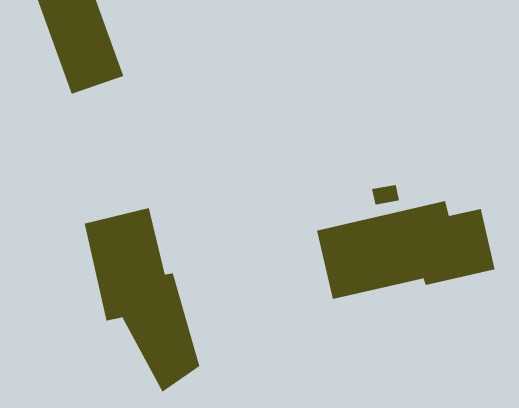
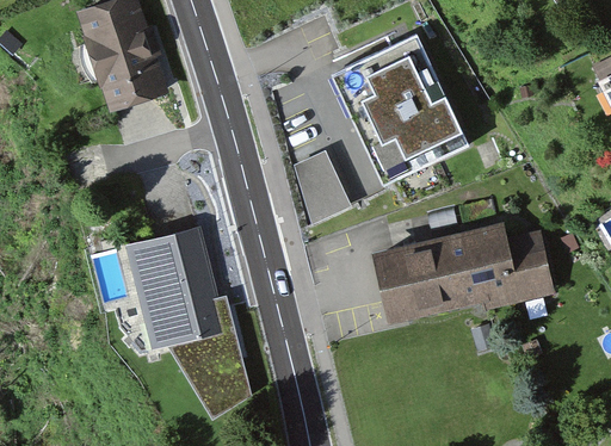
building: none -> [329,33,470,187]
building: none -> [292,145,352,223]

